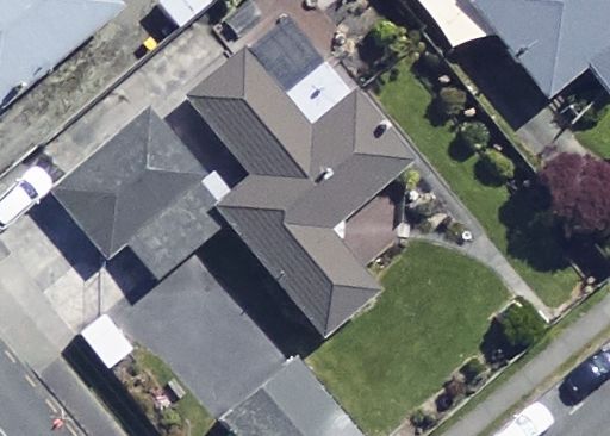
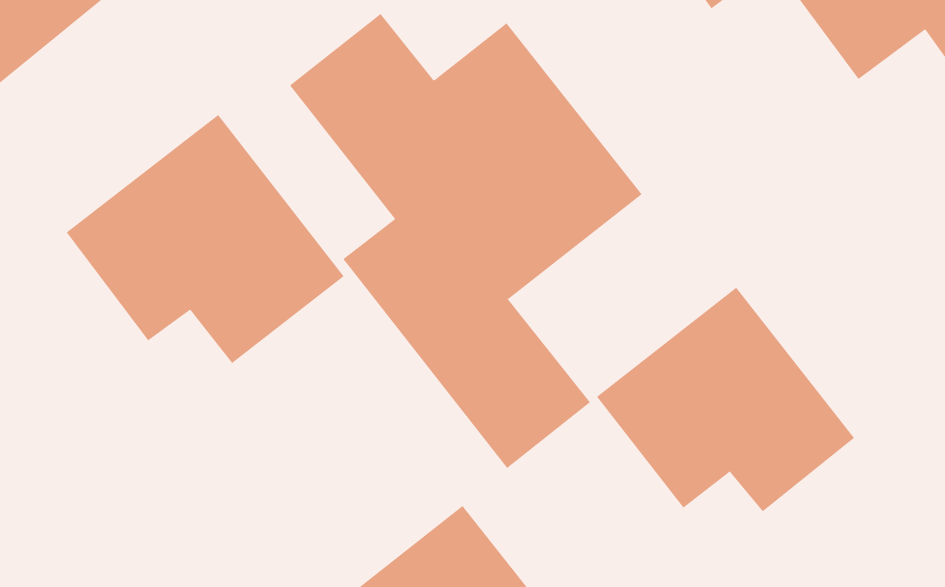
building: none -> [596,287,855,512]

